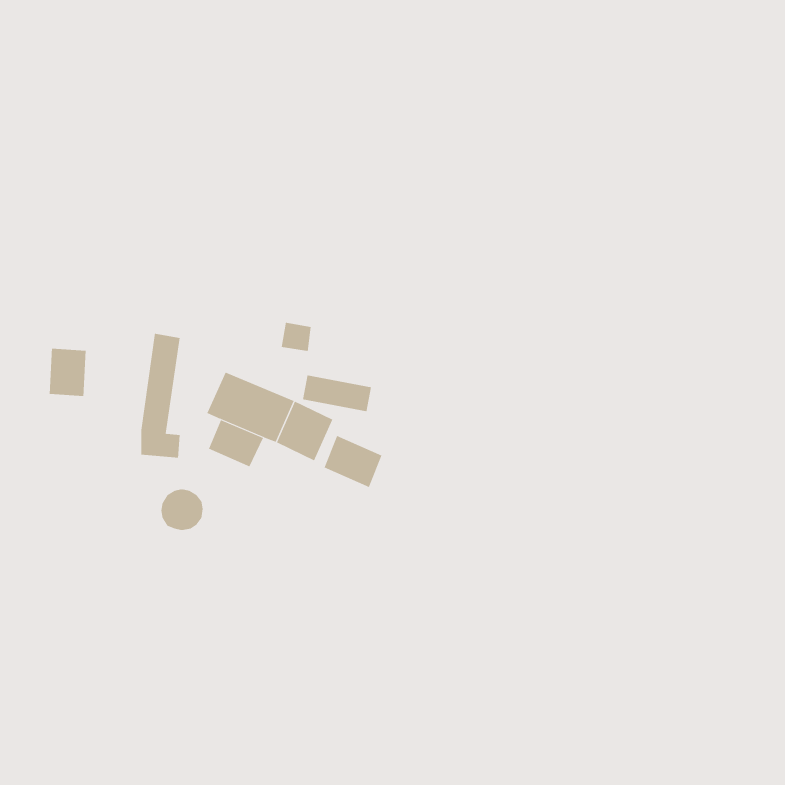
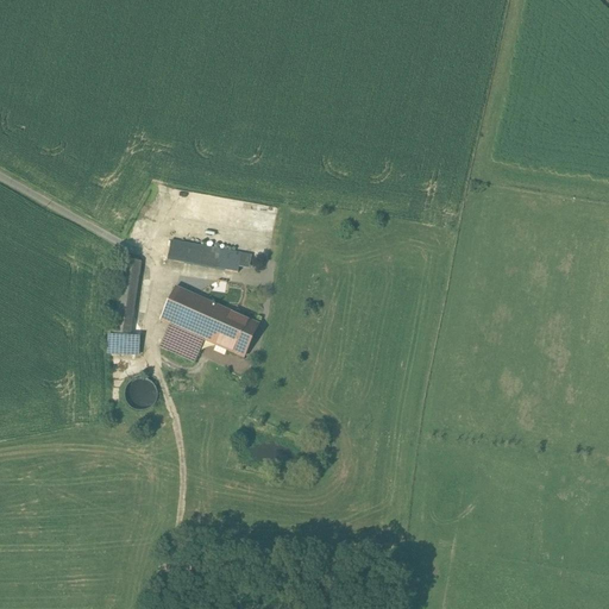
building: [49,348,86,397] -> none
building: [302,375,372,412] -> [169,239,222,268]
building: [324,435,382,488] -> none

